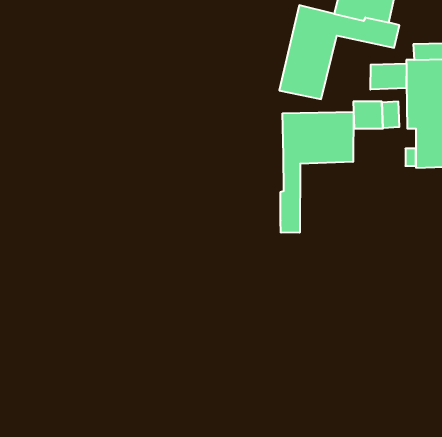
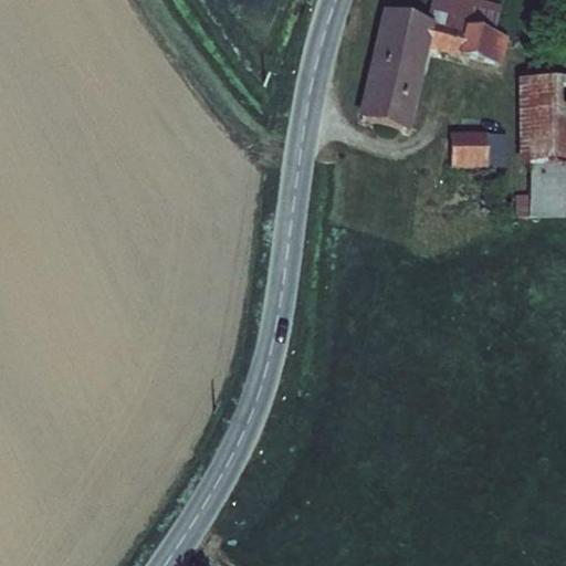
building: [370,63,406,90] -> none
building: [281,112,354,233] -> none

